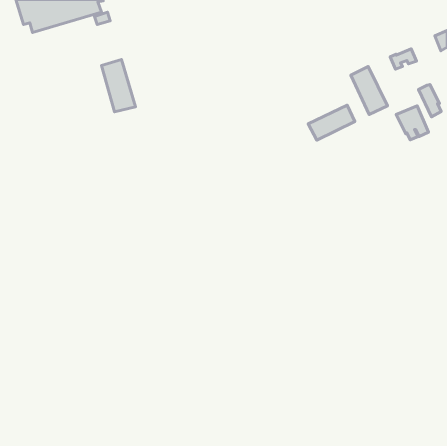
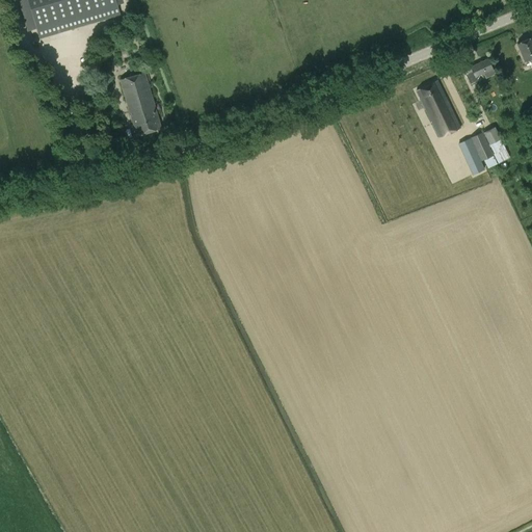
building: [418,84,441,117] -> [457,136,484,175]
building: [308,105,355,140] -> none

